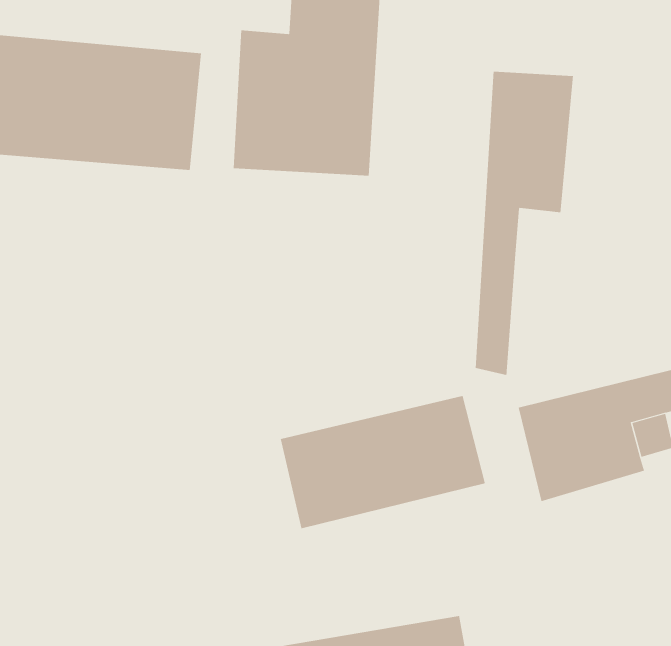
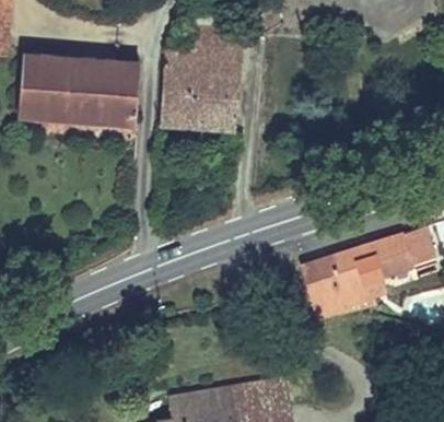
building: [475,71,573,376] -> none
building: [280,395,486,529] -> none

